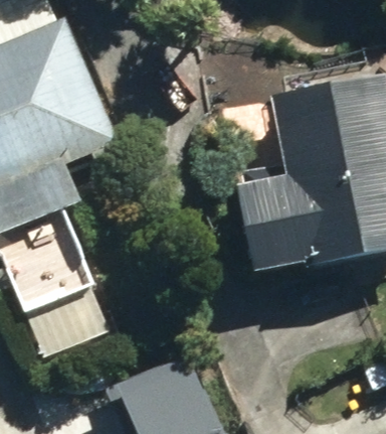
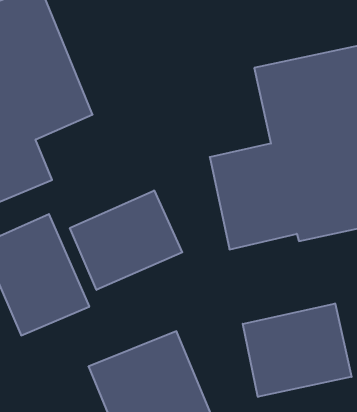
building: none -> [70,190,182,290]
building: none -> [243,303,352,397]

